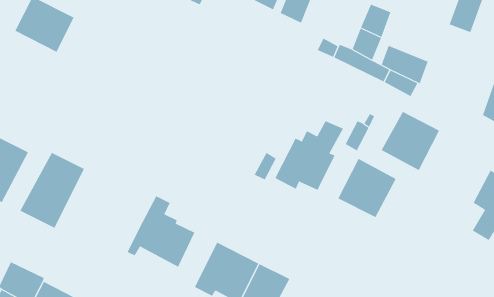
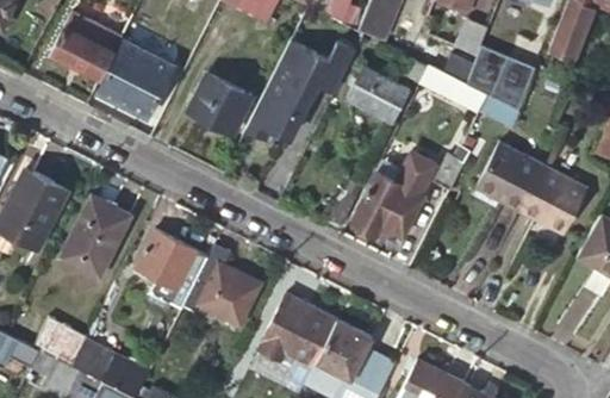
building: none -> [100,39,174,117]
building: none -> [245,39,354,153]
building: none -> [349,68,410,123]
building: none -> [191,75,253,132]
building: [338,158,396,218] -> [521,166,589,235]
building: none -> [137,230,198,306]

